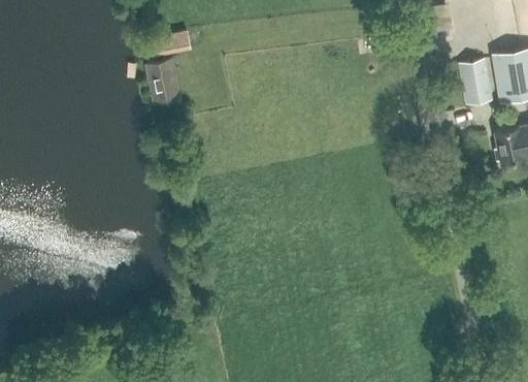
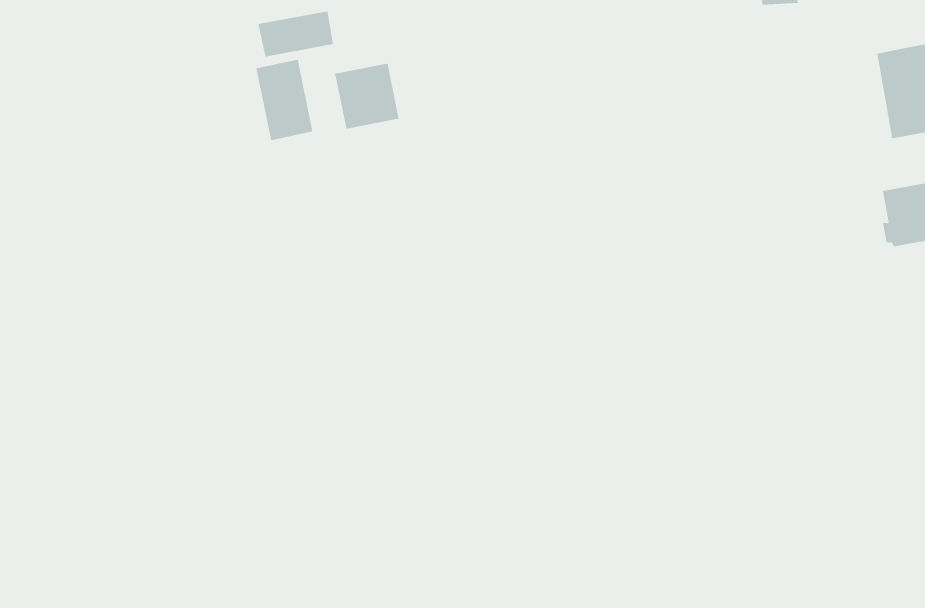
building: [459,60,492,105] -> none
building: none -> [335,63,399,130]

